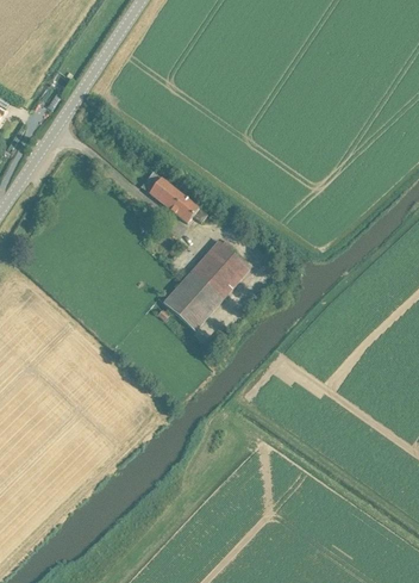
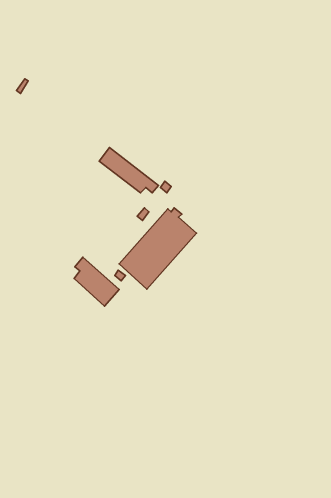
building: none -> [74,257,119,306]

